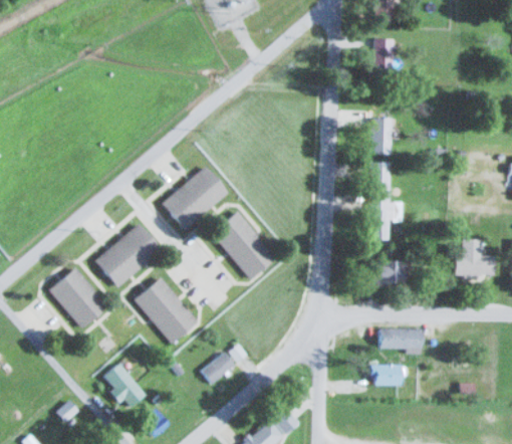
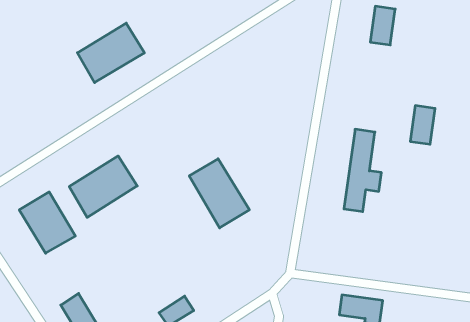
building: [371,118,392,154] -> [410,106,435,144]
building: [163,166,229,229] -> [77,23,144,83]
building: [455,239,495,275] -> none
building: [370,260,406,282] -> none
building: [135,276,199,345] -> none

